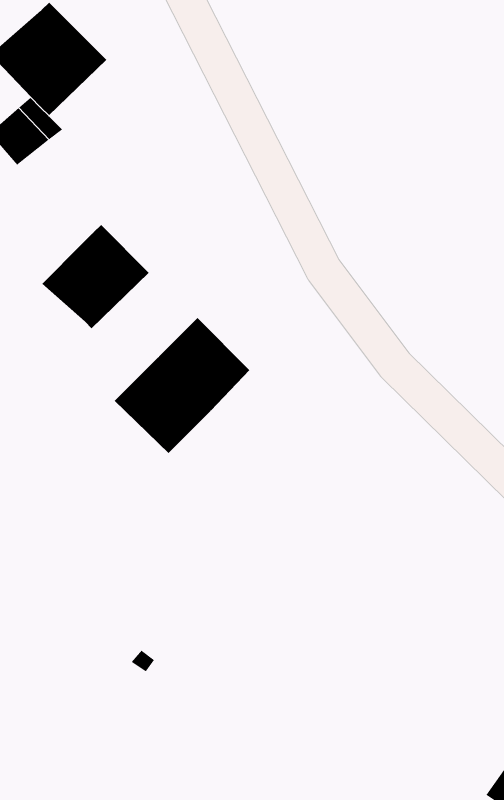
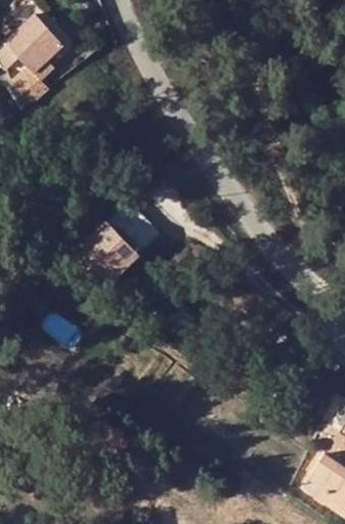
building: [41,224,149,329] -> none

